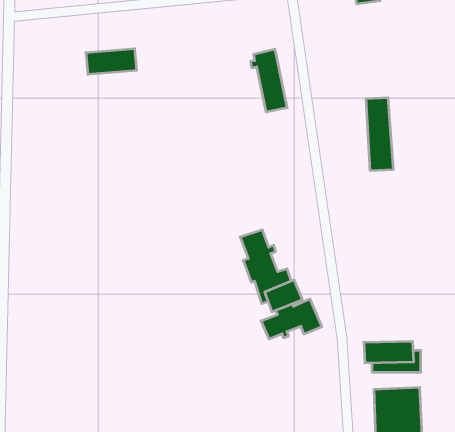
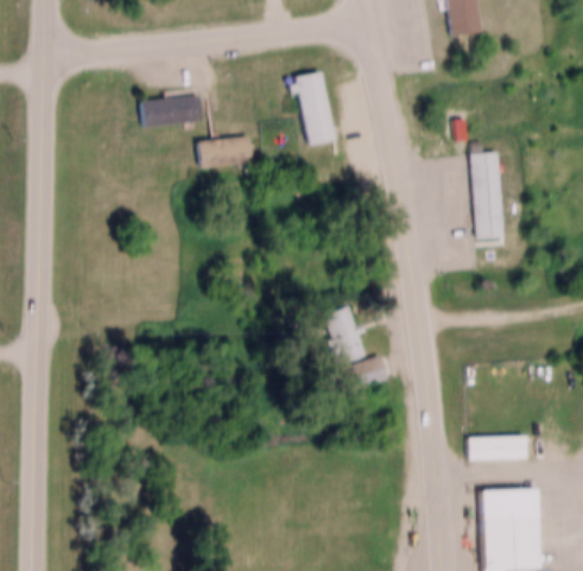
building: [251,49,287,112] -> [291,70,334,142]
building: none -> [201,137,255,166]
building: [261,299,322,339] -> none

